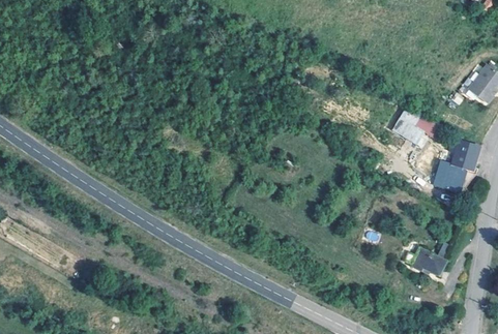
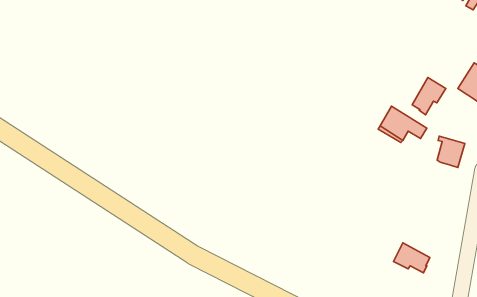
building: none -> [412,77,446,115]
building: [444,161,465,191] -> none

